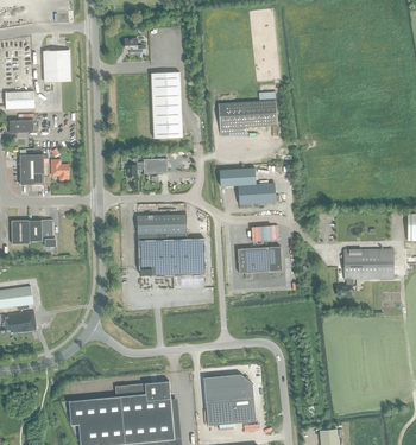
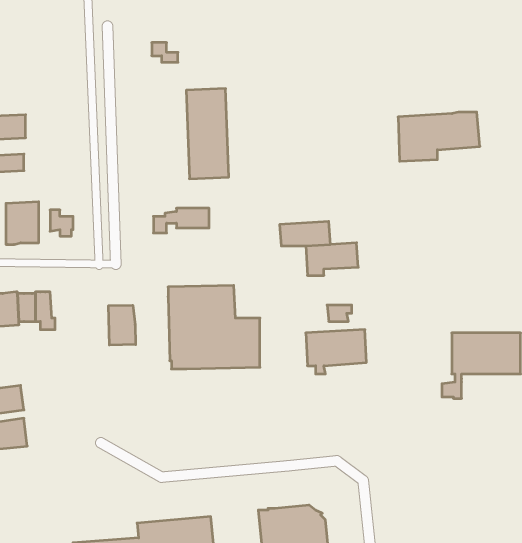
building: [44,50,70,81] -> none
building: [219,100,278,135] -> [398,112,480,161]
building: none -> [109,305,136,345]

